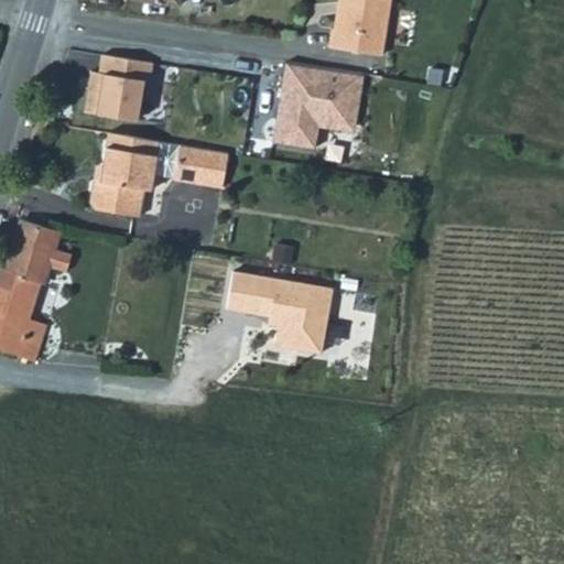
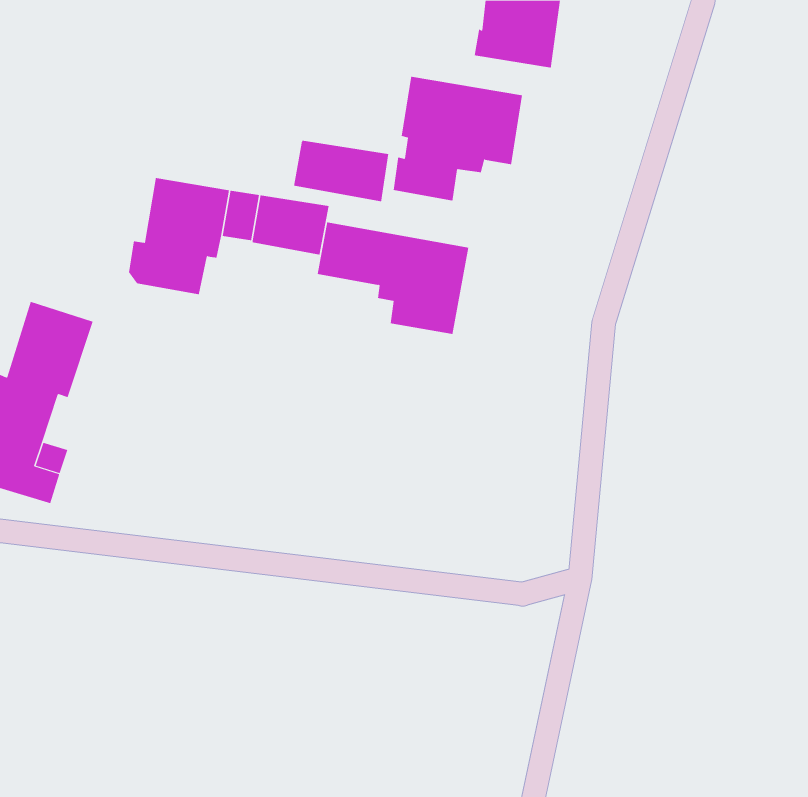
building: [84,54,152,119] -> none
building: none -> [294,140,389,202]
building: [225,281,330,359] -> [317,222,469,334]

